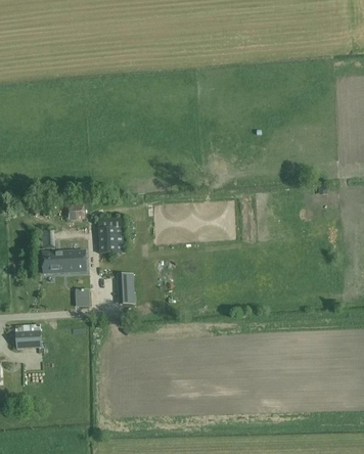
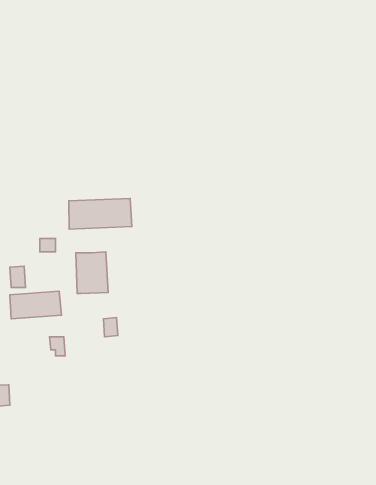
building: none -> [69,199,132,229]

